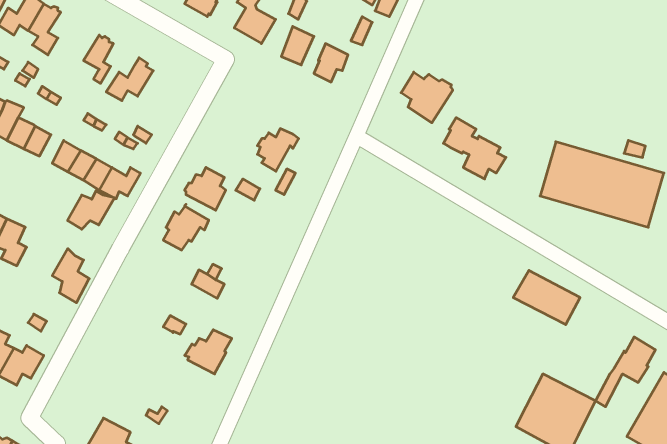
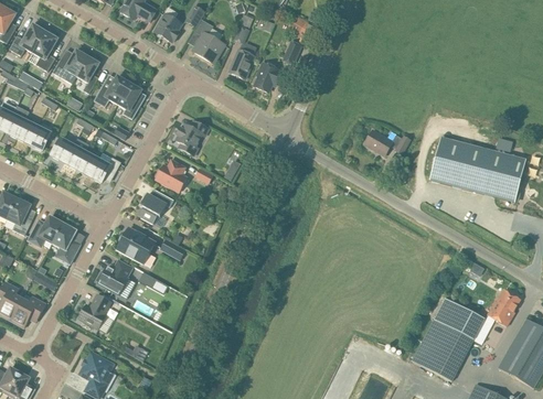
building: none -> [53,47,88,78]
building: none -> [118,83,145,118]
building: [401,72,453,123] -> none
building: [257,129,299,171] -> [177,120,209,153]
building: [68,191,114,229] -> [28,215,64,245]
building: none -> [117,226,155,262]
building: [513,270,580,325] -> [433,296,485,338]
building: [185,330,232,374] -> [96,259,132,293]
building: none -> [78,293,110,327]

